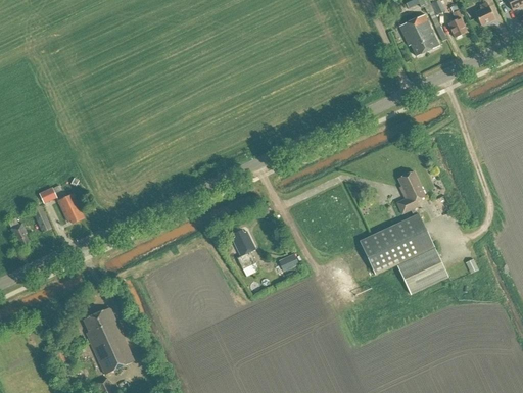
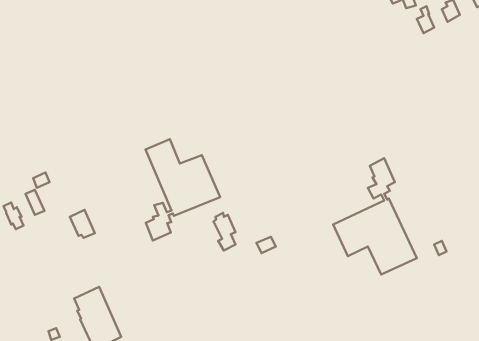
building: [398,14,438,56] -> none
building: none -> [146,139,220,241]
building: [57,193,84,223] -> [70,210,95,238]

